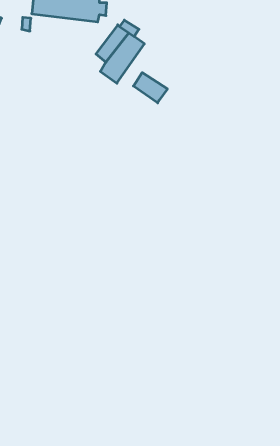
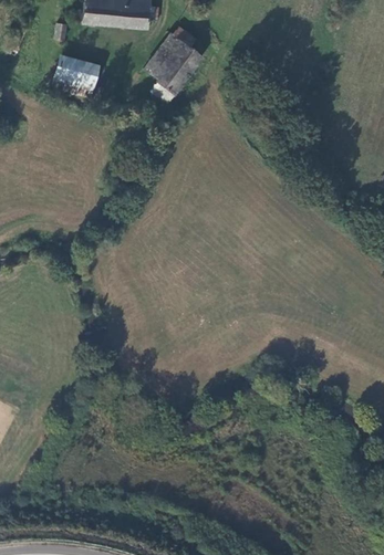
building: none -> [54,57,96,96]
building: [133,73,167,103] -> none

